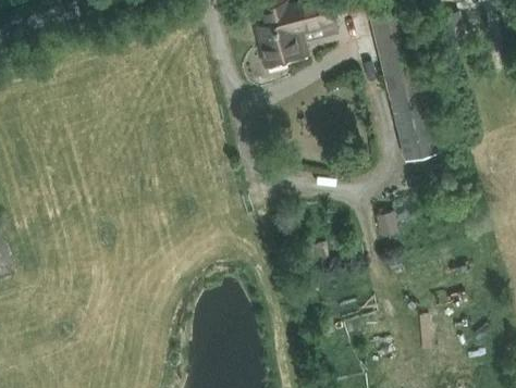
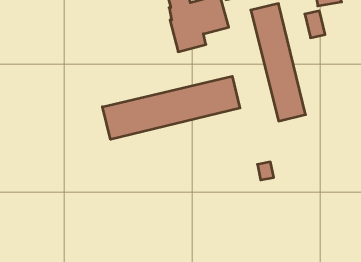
building: none -> [102,76,240,139]

